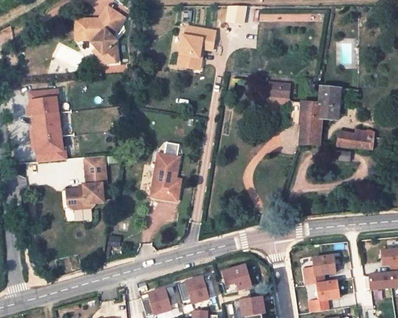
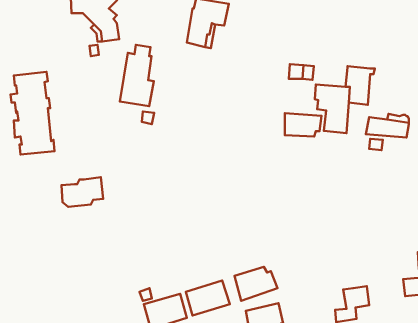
building: none -> [285,113,321,137]
building: [152,147,182,201] -> [120,45,154,106]
building: [84,156,107,185] -> none
building: [304,254,336,283] -> none

